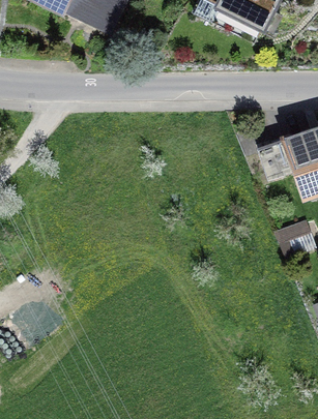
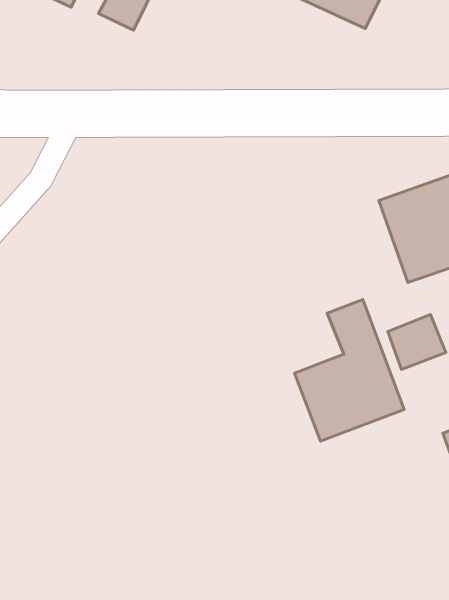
building: none -> [294,300,404,441]

